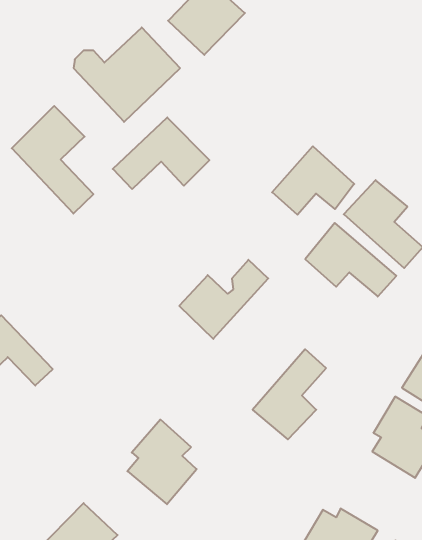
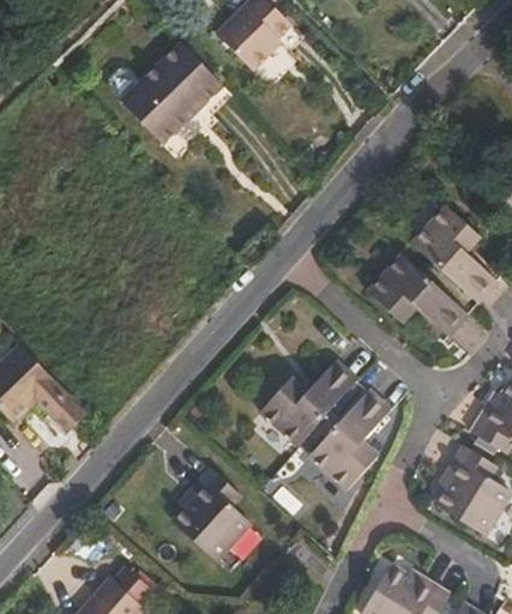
building: [12,106,93,214] -> none
building: [113,117,209,189] -> none
building: [272,146,354,215] -> none
building: [179,260,268,339] -> [258,361,355,447]

